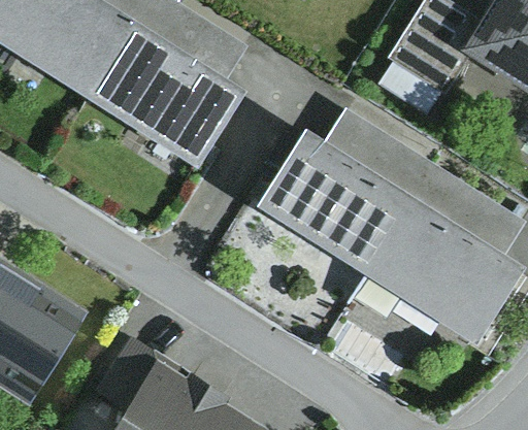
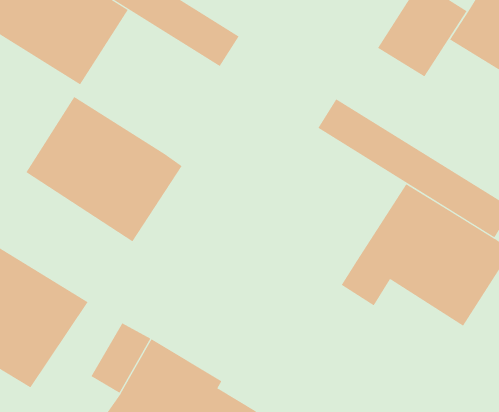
building: [86,19,245,167] -> [25,96,182,242]
building: [258,128,417,274] -> none

